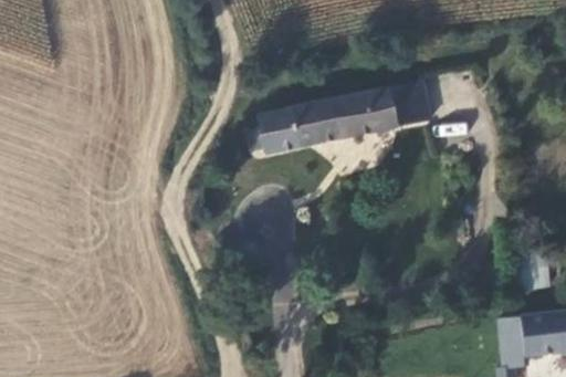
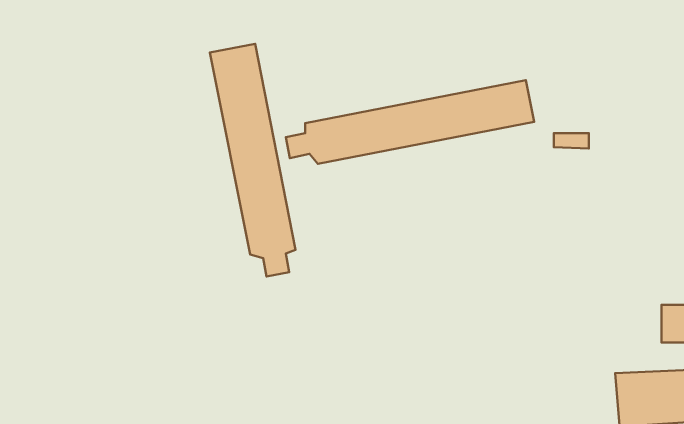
building: none -> [210,44,296,276]

